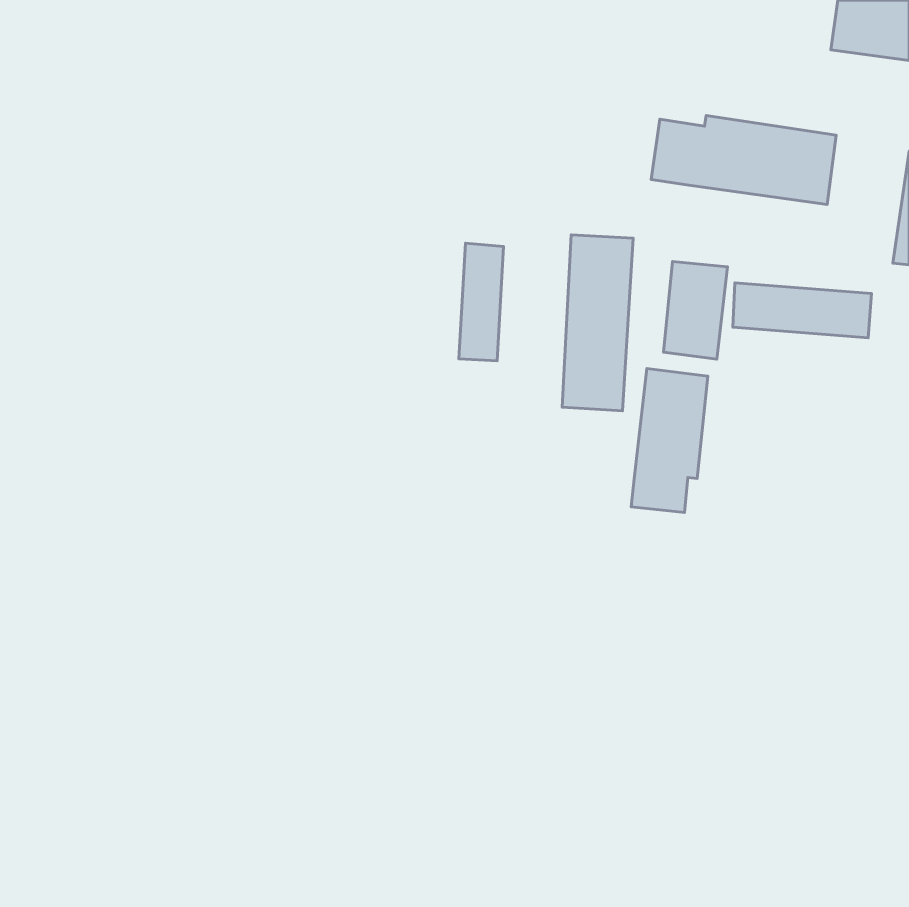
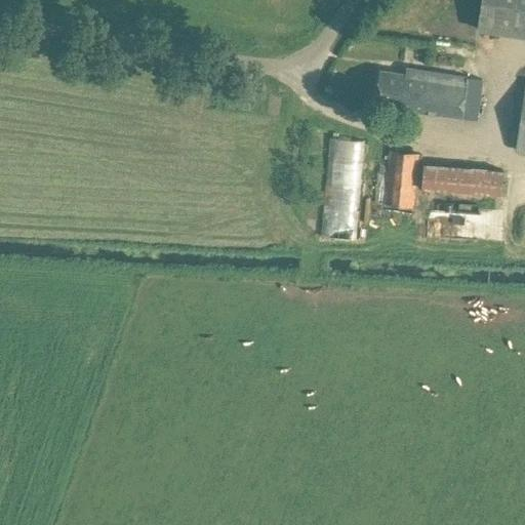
building: [459,243,504,361] -> none
building: [631,369,708,513] -> none

